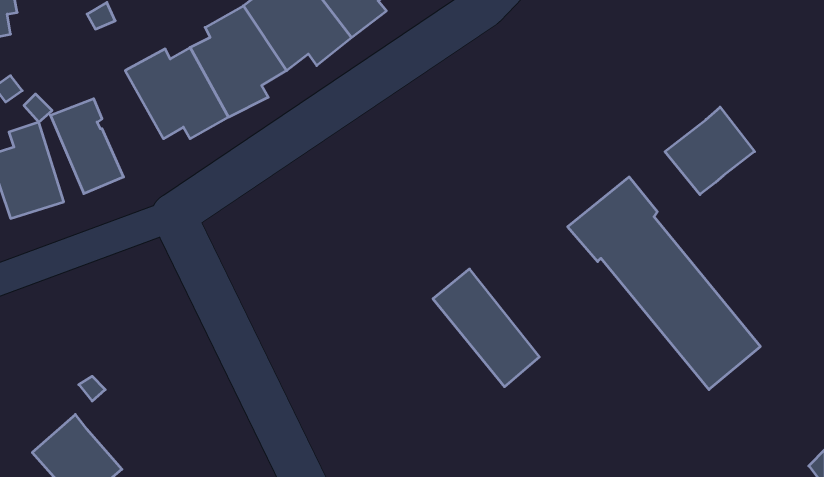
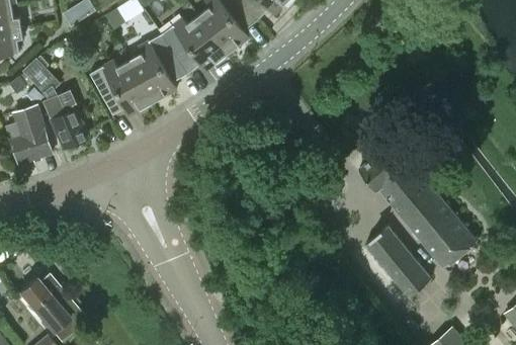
building: none -> [23,56,59,96]
building: [665,107,755,195] -> none
building: [433,269,539,387] -> [365,226,430,297]
building: none -> [19,272,59,307]

